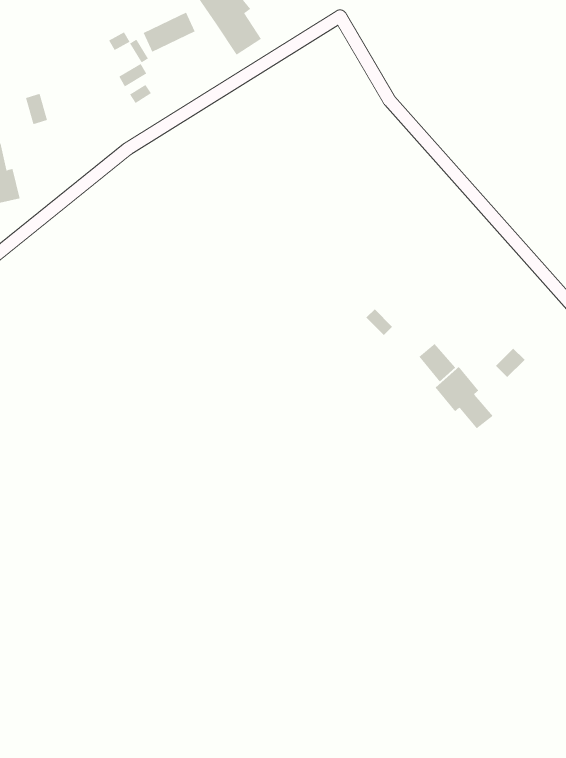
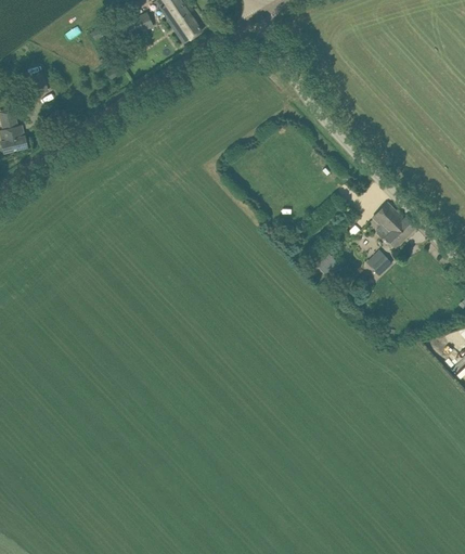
building: none -> [372,202,415,245]
building: [435,366,494,429] -> none

